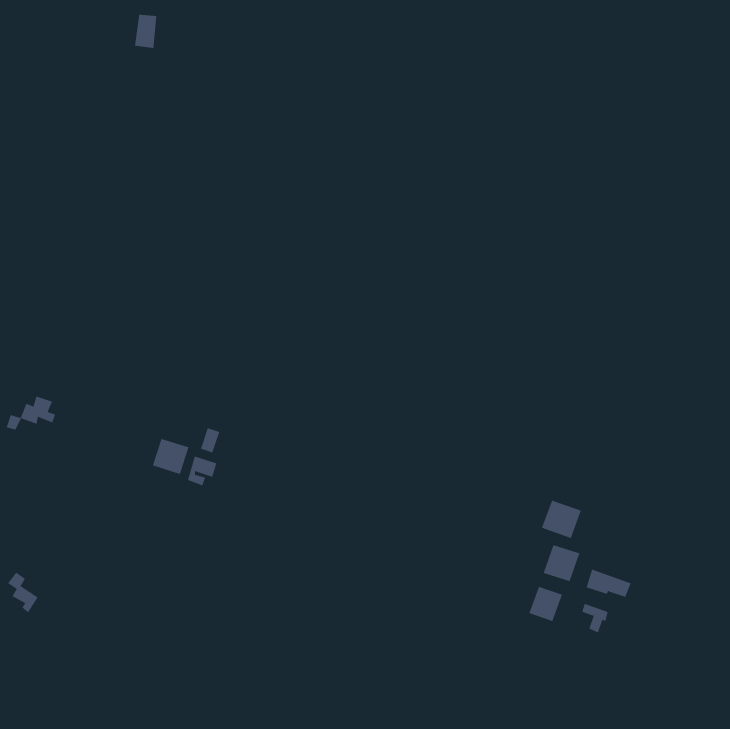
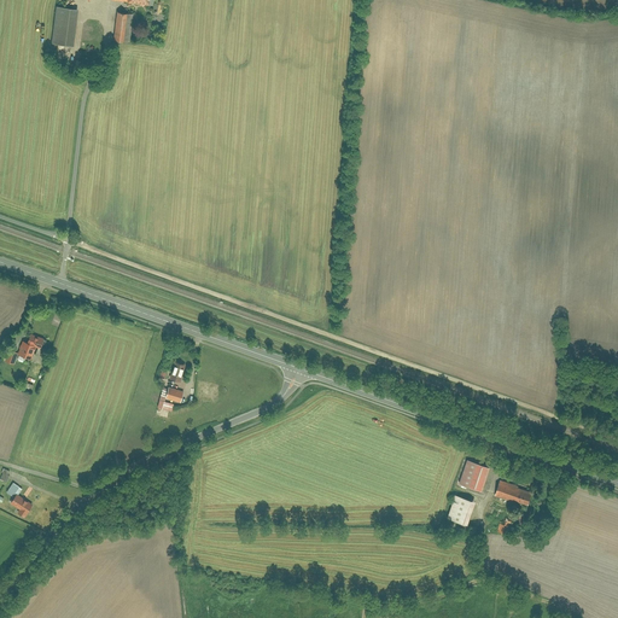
building: none -> [52,8,80,47]
building: [152,438,189,475] -> none
building: [541,500,581,539] -> none

